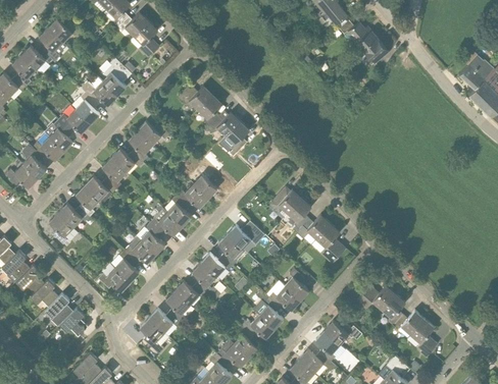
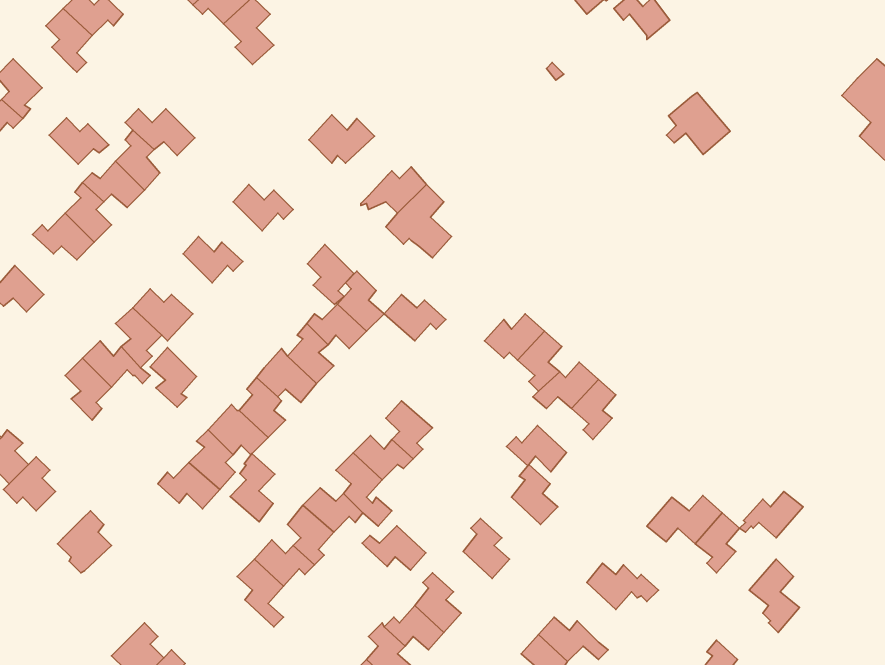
building: [355,32,389,64] -> [666,93,730,154]
building: [21,45,53,69] -> [49,118,109,164]
building: [102,57,132,96] -> none
building: [197,95,221,126] -> none
building: [129,129,153,161] -> [307,244,354,304]
building: [22,147,47,178] -> none
building: [102,157,127,188] -> [150,347,197,407]
building: [227,224,259,249] -> [384,294,446,341]
building: none -> [230,454,275,522]
building: [31,278,58,307] -> none
building: [268,285,300,310] -> [506,425,566,472]
building: [59,307,88,336] -> none
building: [391,310,425,334] -> [740,492,803,538]
building: [241,314,275,337] -> [362,526,426,570]
building: [315,330,340,362] -> none

